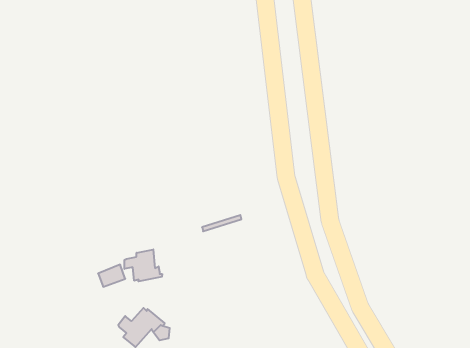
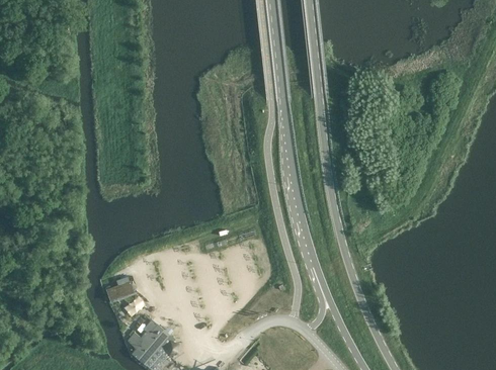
building: [124,249,162,281] -> none

